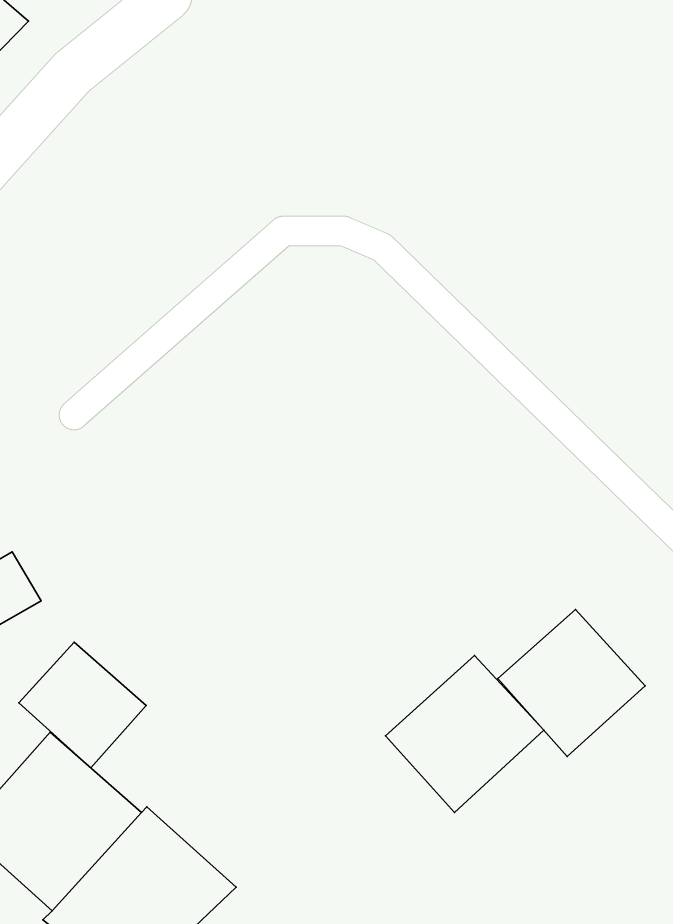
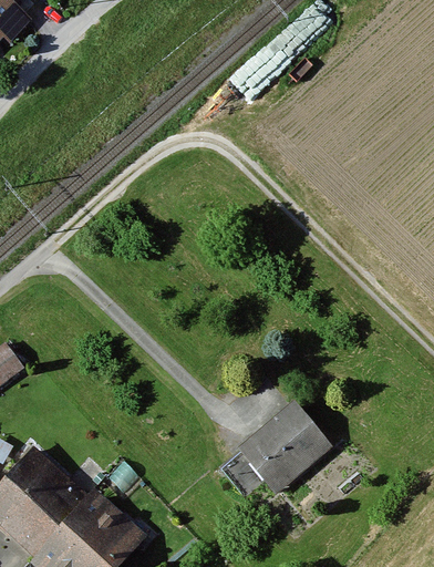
building: [498,609,645,757] -> none
building: [19,642,146,768] -> none

